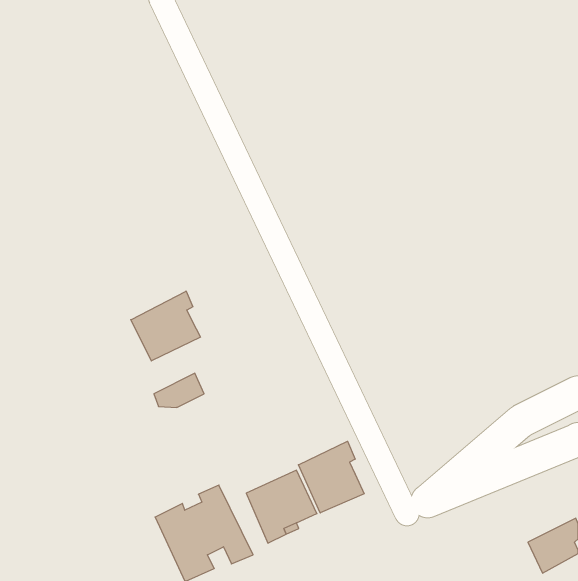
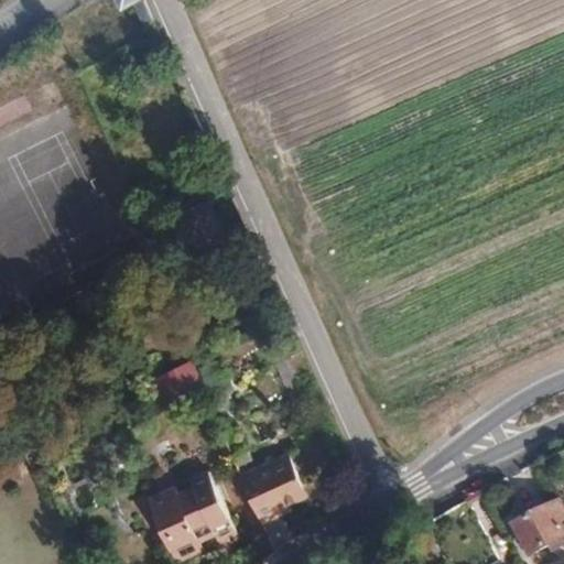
building: [131,291,200,361] -> none
building: [298,441,364,513] -> none

